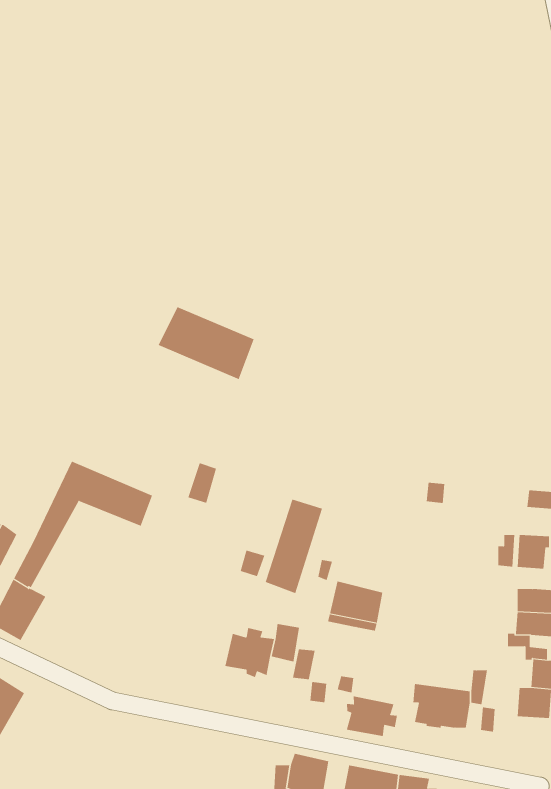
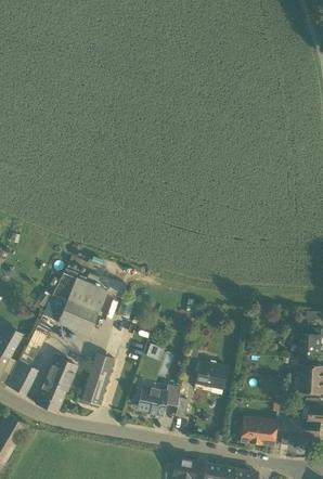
building: [158,306,255,380] -> [52,272,106,313]
building: [265,499,323,594] -> [81,352,114,405]
building: none -> [35,357,77,413]
building: [346,695,397,737] -> none

